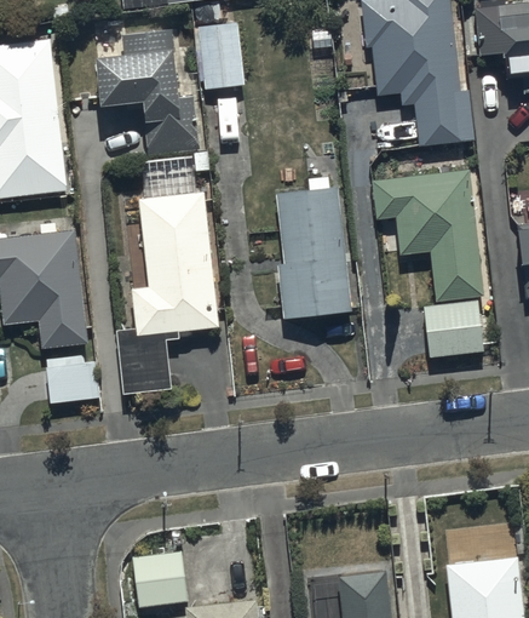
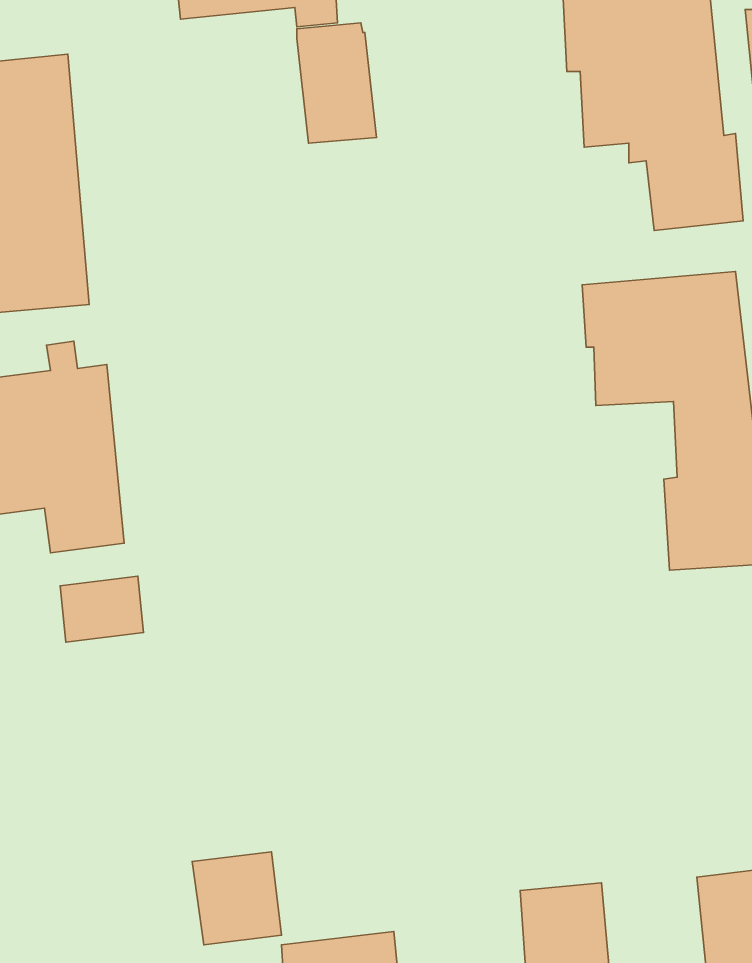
building: [98,30,199,153] -> none
building: [116,160,218,397] -> none
building: [271,177,350,322] -> none

